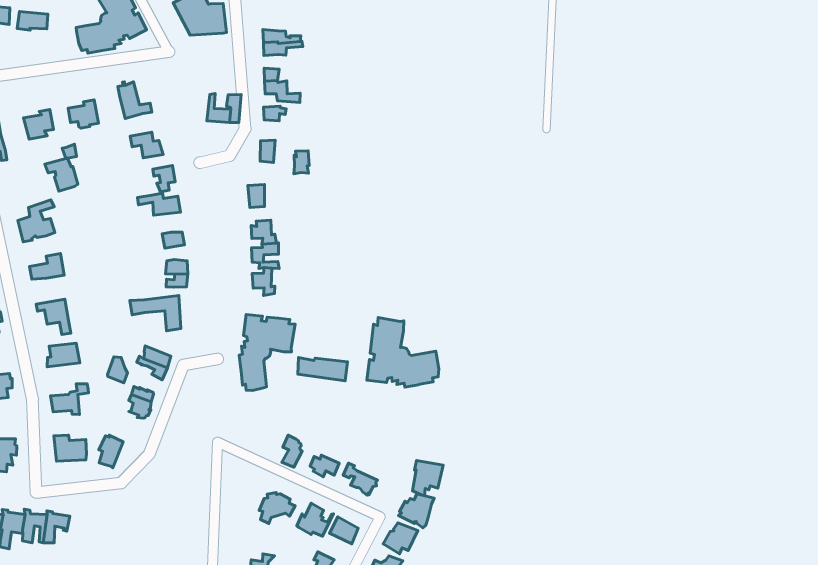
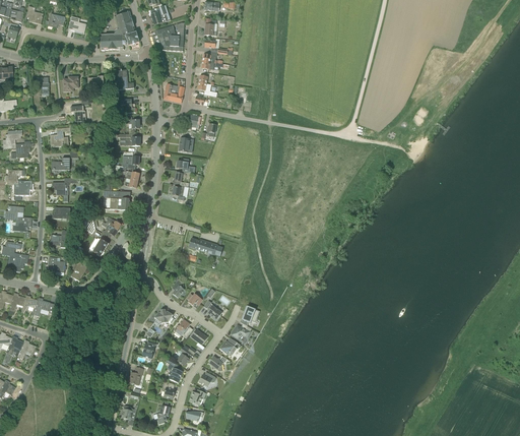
building: [239,314,295,391] -> none
building: [367,317,439,387] -> none

